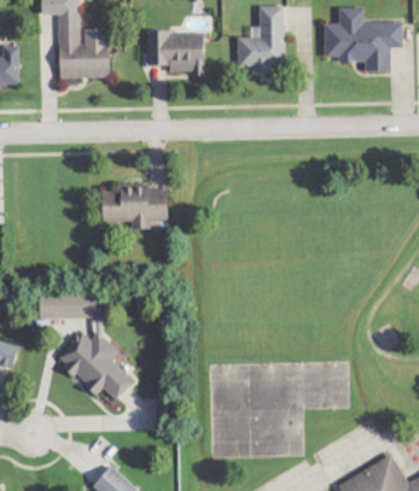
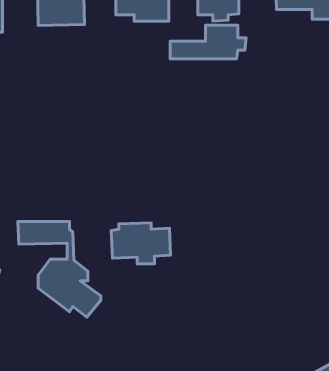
building: none -> [170,25,246,59]
building: [99,187,165,233] -> [111,223,171,264]

